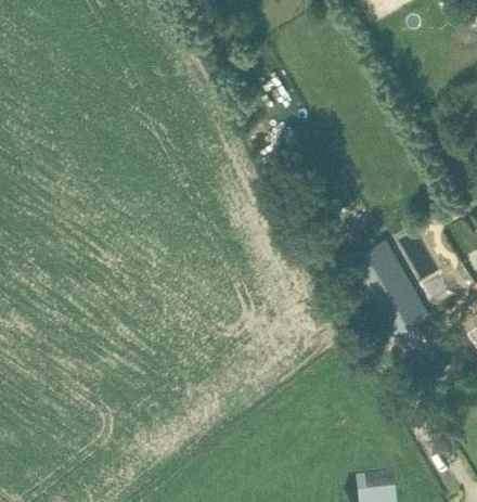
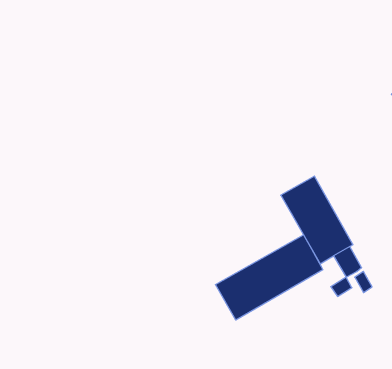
building: none -> [215,235,323,320]

